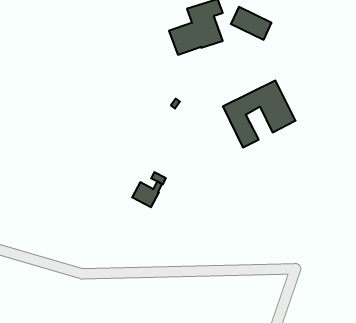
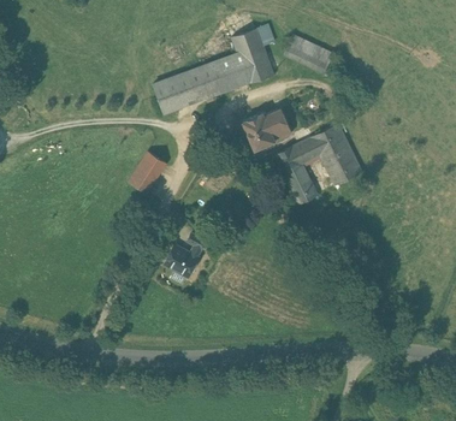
building: none -> [152,64,219,113]
building: none -> [242,108,291,150]
building: none -> [128,152,165,194]

